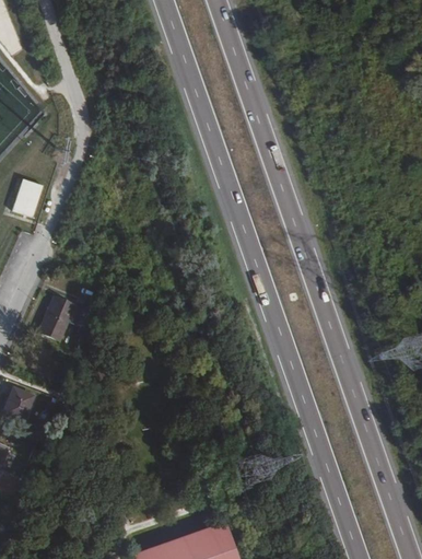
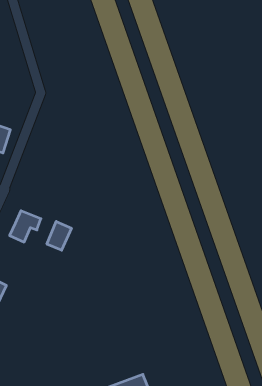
building: none -> [47,221,71,250]

